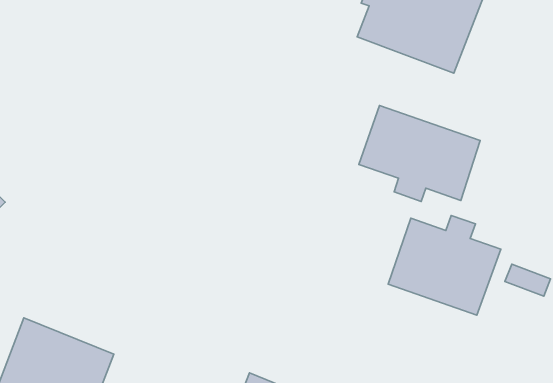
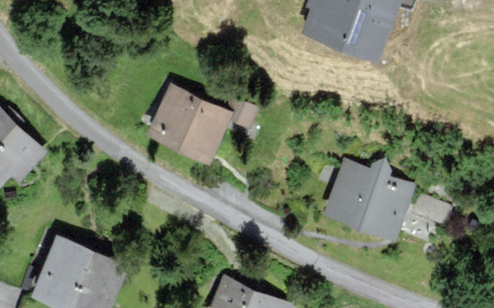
building: [359,105,480,202] -> none
building: none -> [151,86,256,158]

